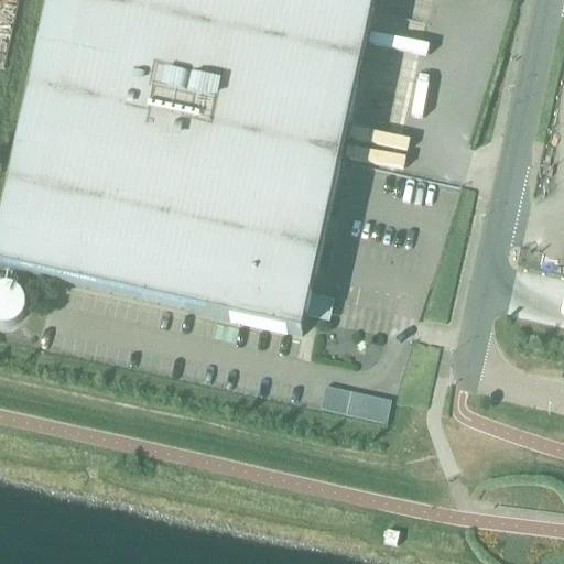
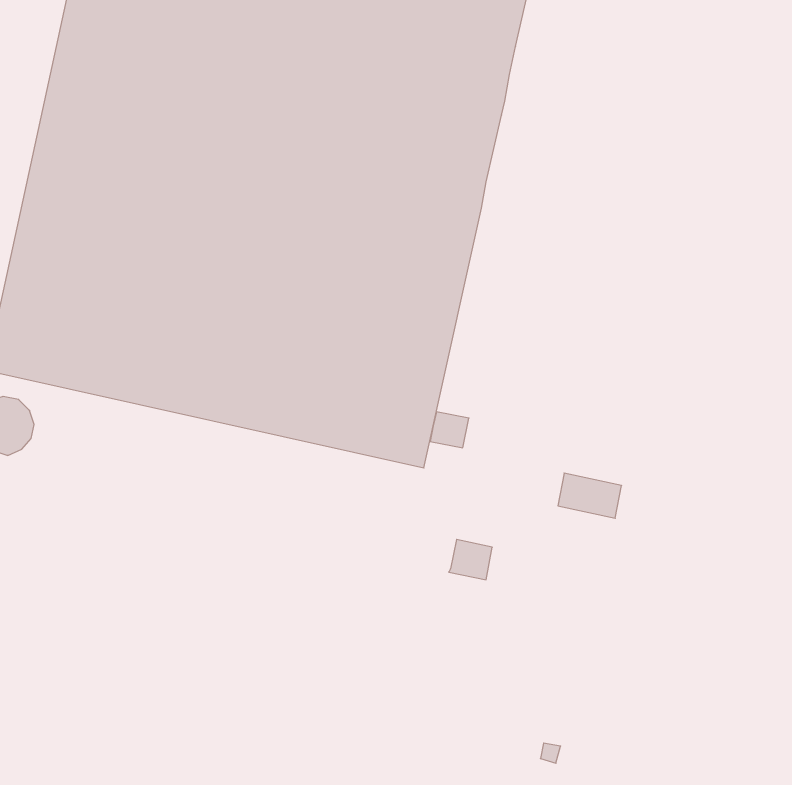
building: [345,388,390,420] -> [558,473,622,518]

